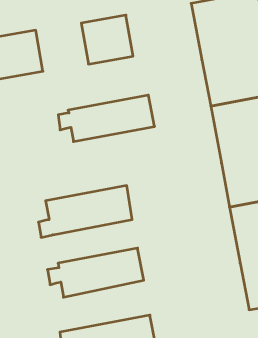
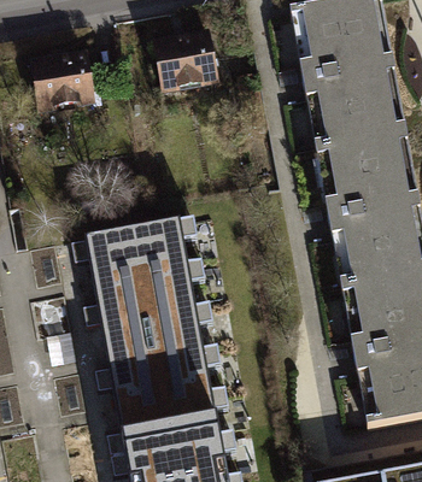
building: [58,95,155,142] -> [74,213,204,276]
building: none -> [104,301,218,360]
building: none -> [110,383,235,453]

